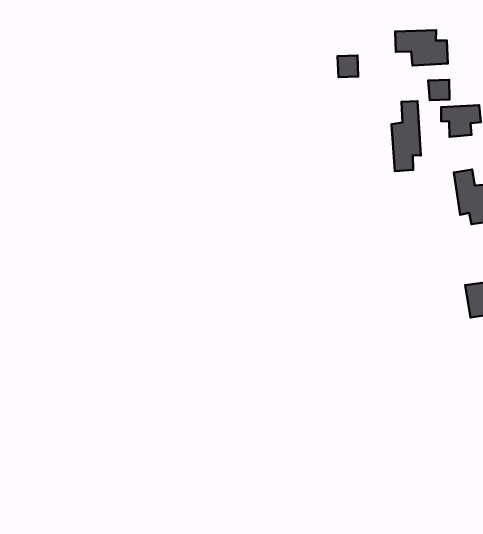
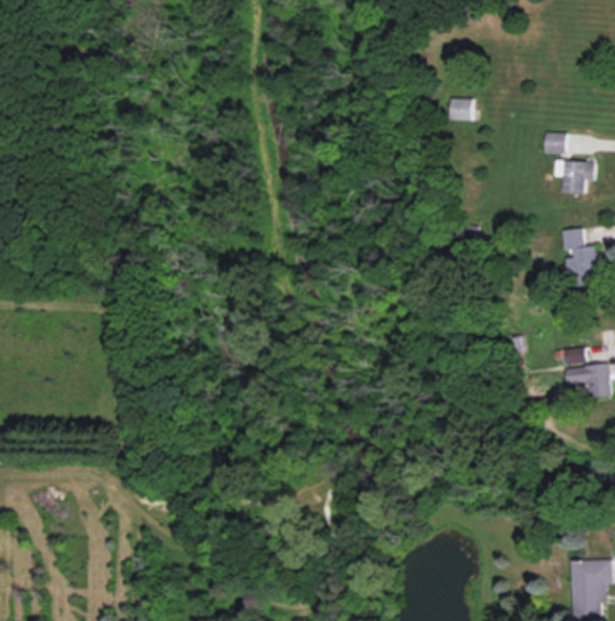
building: [395,30,448,66] -> none
building: [391,101,421,171] -> none

